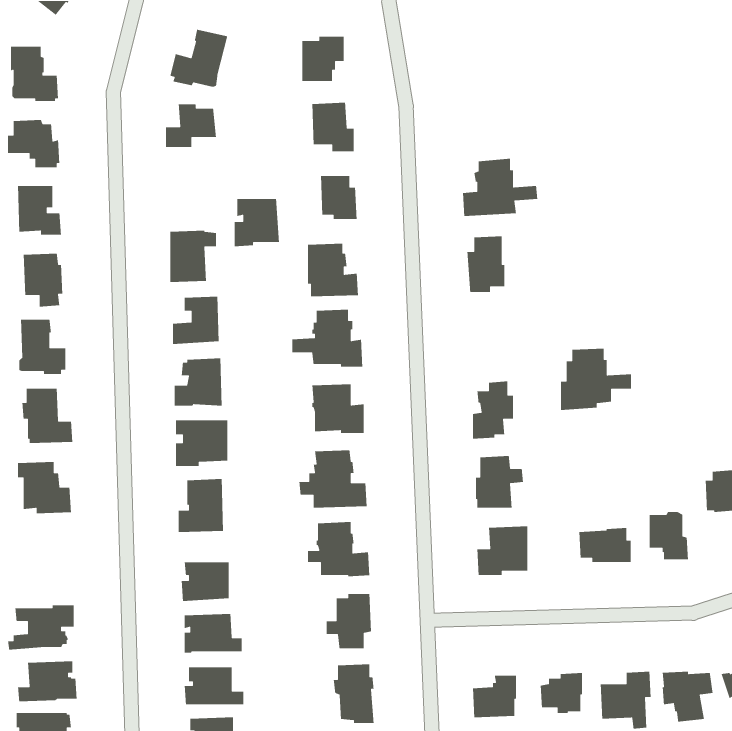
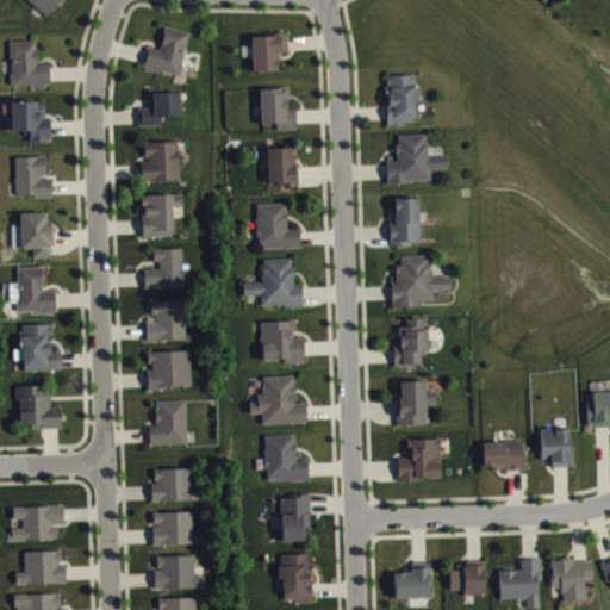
building: none -> [384,74,418,125]
building: [234,198,280,247] -> [142,142,180,182]
building: [560,348,632,411] -> [391,255,450,307]

